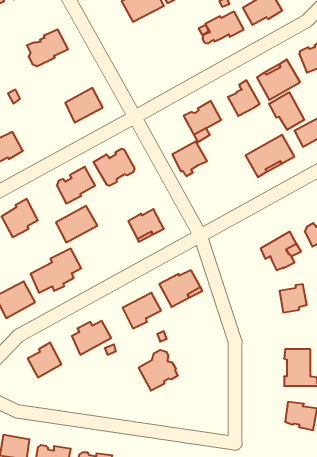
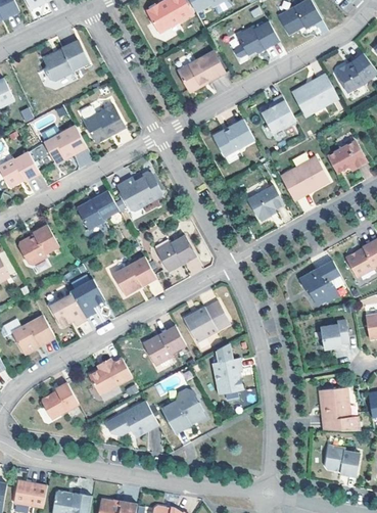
building: none -> [175,47,226,91]
building: [269,92,304,130] -> none
building: none -> [42,126,85,165]
building: [172,141,207,176] -> [247,182,285,220]
building: [56,206,97,242] -> [109,255,154,295]
building: none -> [217,343,248,394]
building: none -> [107,400,160,436]

